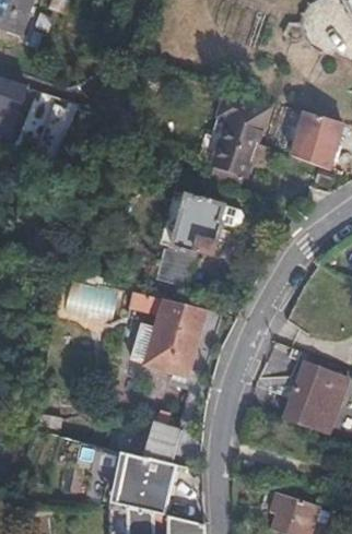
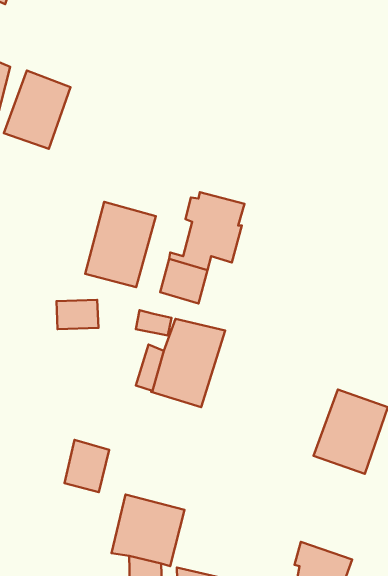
building: [212,94,270,178] -> none
building: [291,114,342,173] -> none
building: none -> [85,202,156,287]
building: [143,420,181,465] -> [64,440,109,492]

